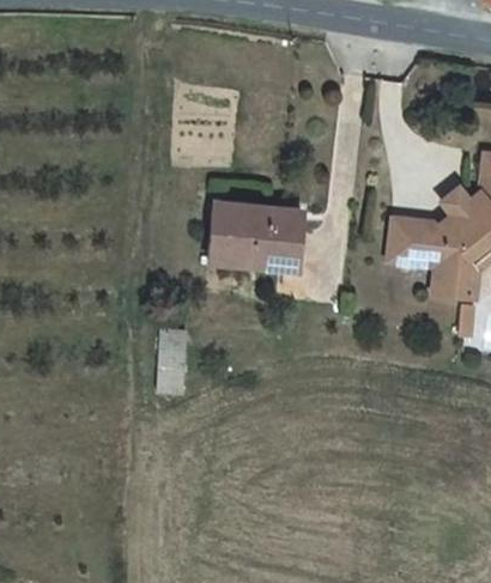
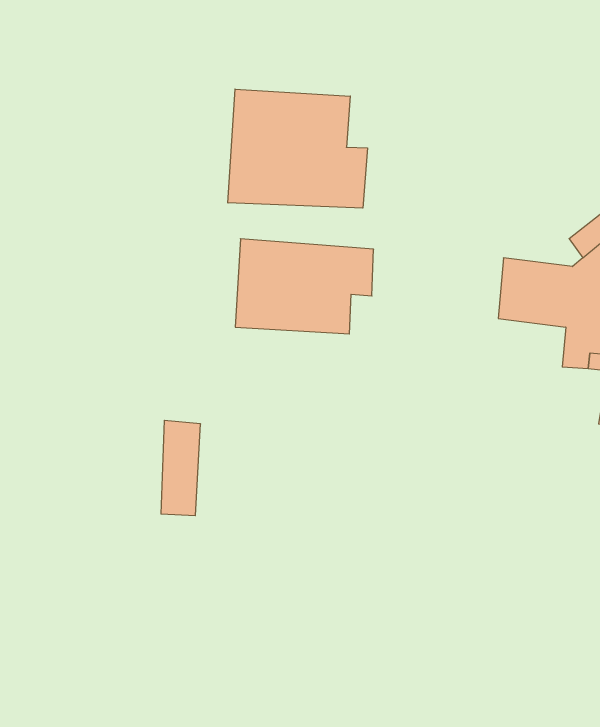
building: none -> [228,89,367,208]

